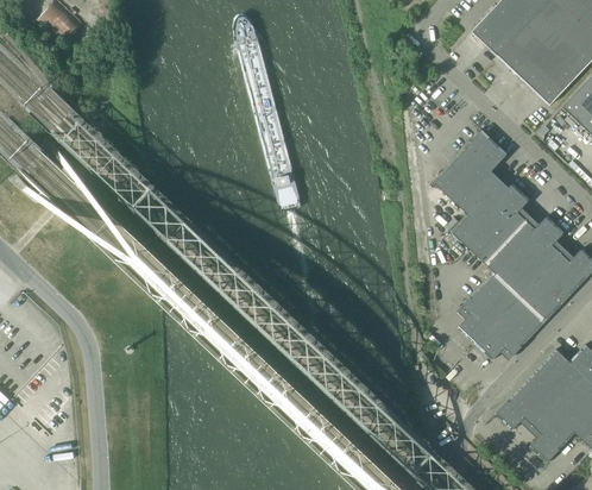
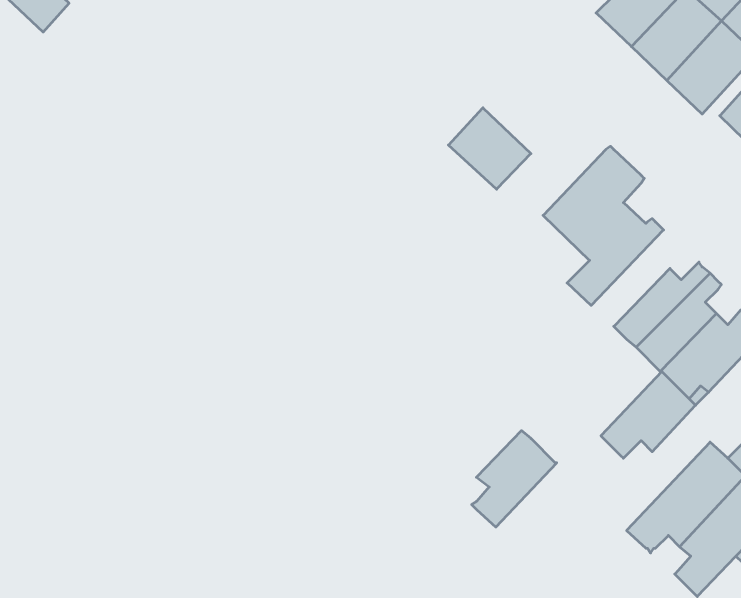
building: none -> [448,108,531,189]
building: [468,191,530,263] -> none
building: [458,272,521,344] -> [472,431,557,527]

